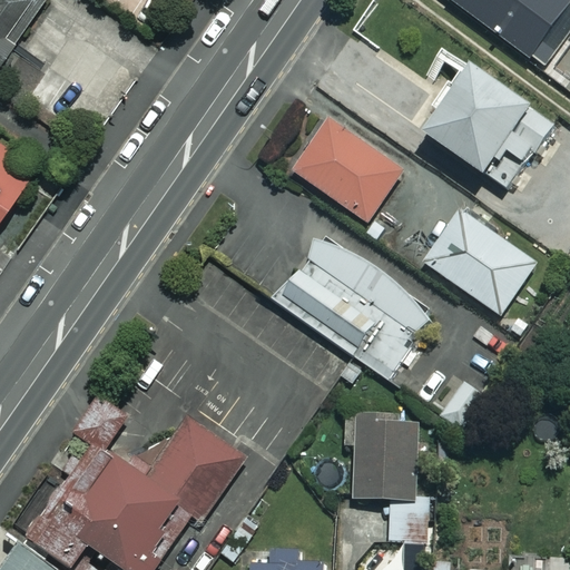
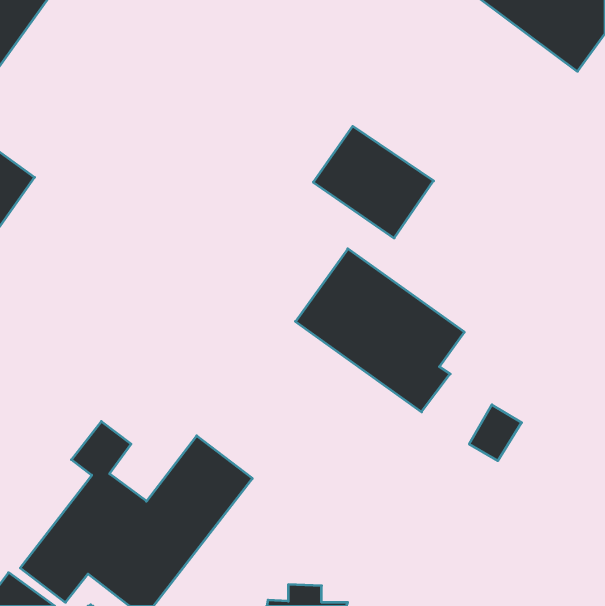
building: [425,67,551,188] -> none
building: [420,207,538,315] -> none
building: [344,405,429,543] -> none

